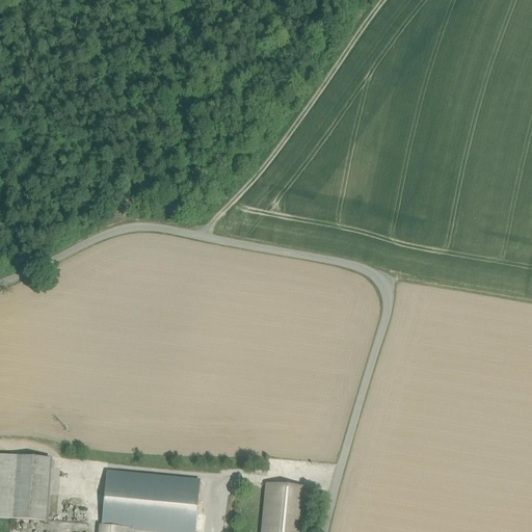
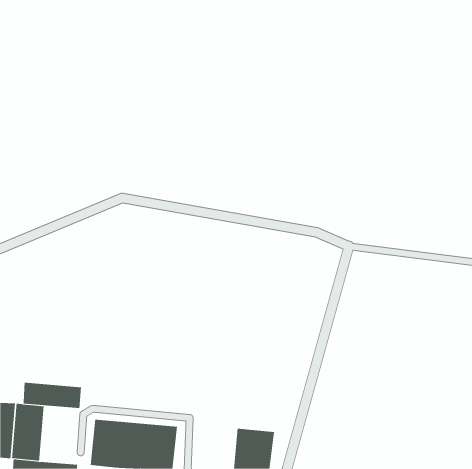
building: none -> [23,382,81,409]

